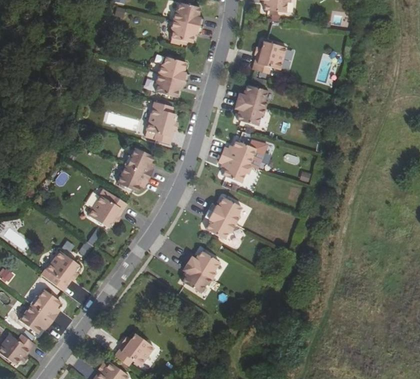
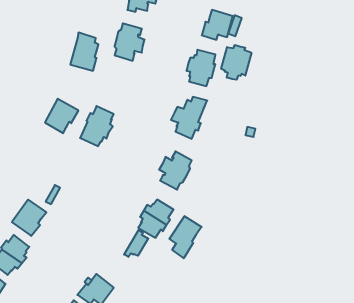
building: none -> [221,45,251,80]
building: [145,101,176,143] -> [70,33,98,71]
building: [89,190,126,228] -> [45,99,78,133]
building: none -> [169,216,202,258]
building: none -> [124,230,148,257]

